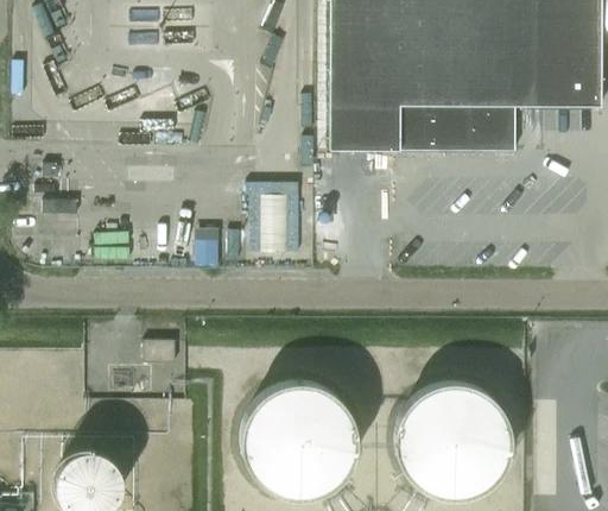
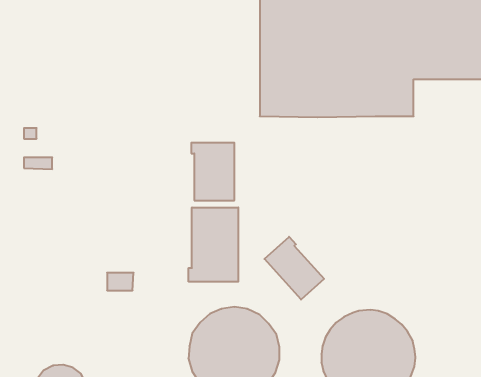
building: none -> [189,207,238,282]
building: none -> [264,237,324,300]

